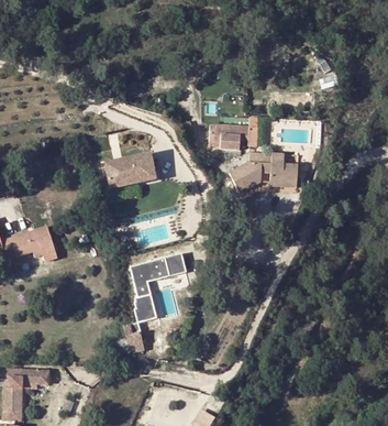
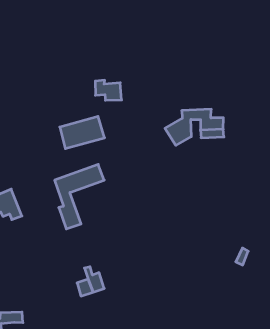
building: [211,125,241,150] -> [95,80,122,100]
building: [130,252,187,324] -> [55,164,104,229]

